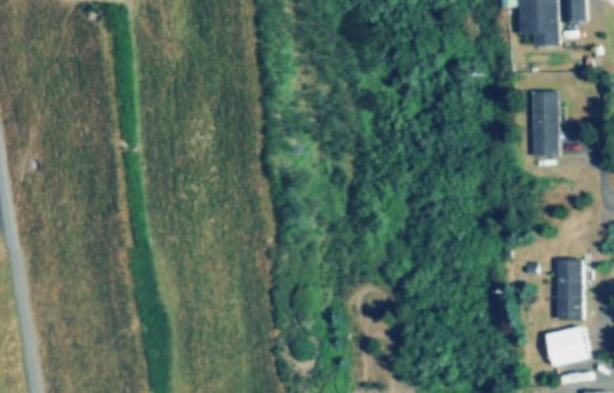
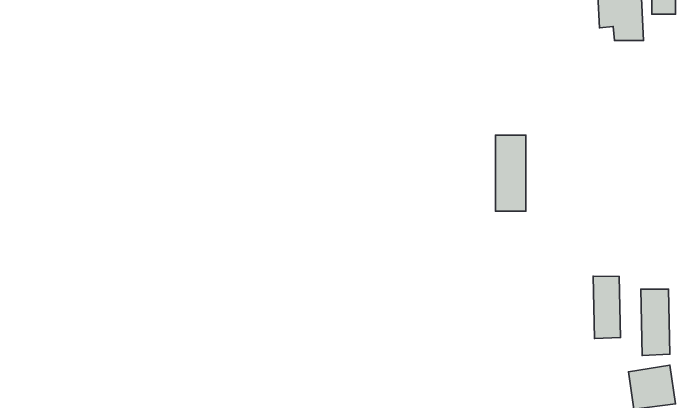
building: [532,89,559,155] -> [496,135,526,211]
building: none -> [593,276,620,338]

